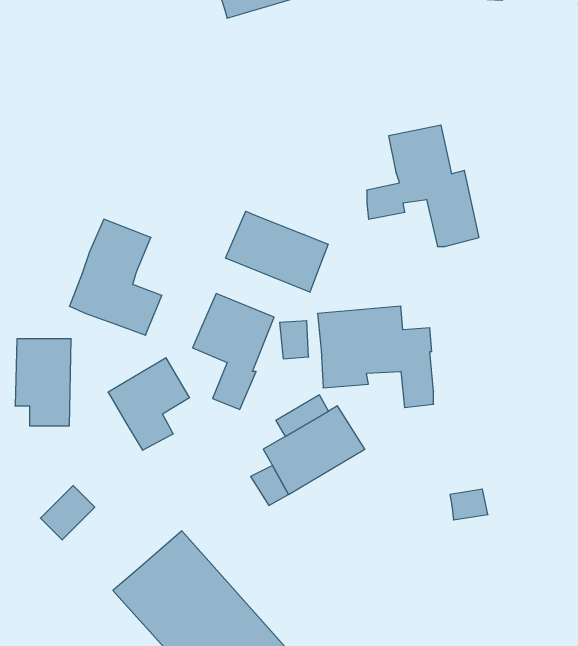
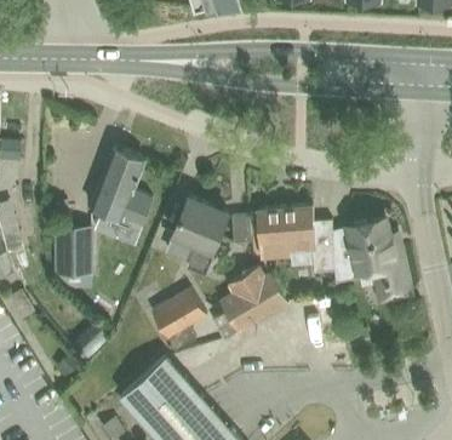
building: [367,125,479,246] -> [333,221,408,302]
building: [226,211,328,292] -> none
building: [108,358,190,450] -> [150,290,205,352]

